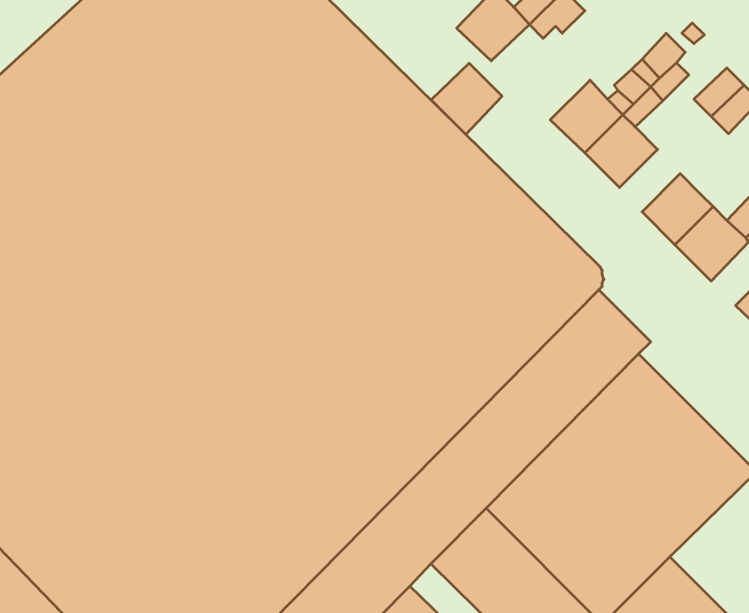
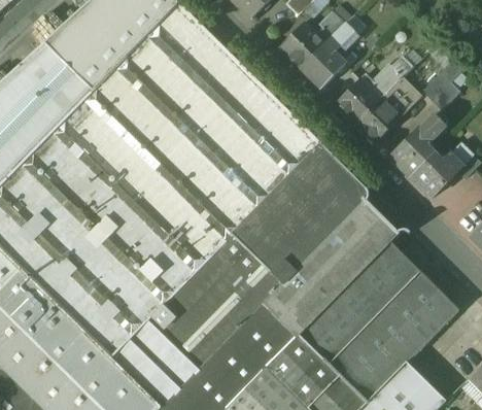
building: [431,63,502,134] -> [302,45,344,88]
building: none -> [414,113,447,146]

